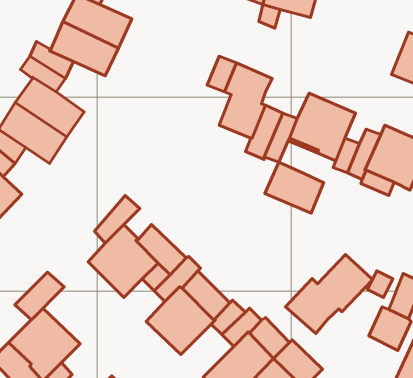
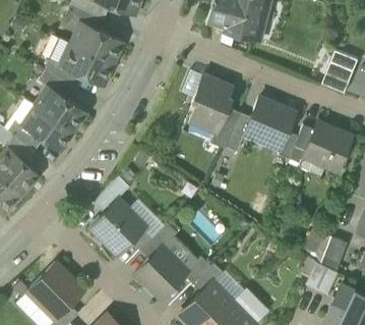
building: [265,162,324,213] -> none
building: [285,255,372,334] -> none
building: [15,272,64,320] -> none

